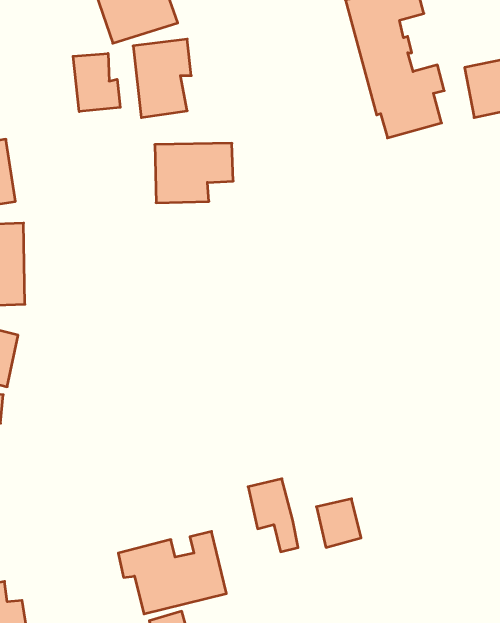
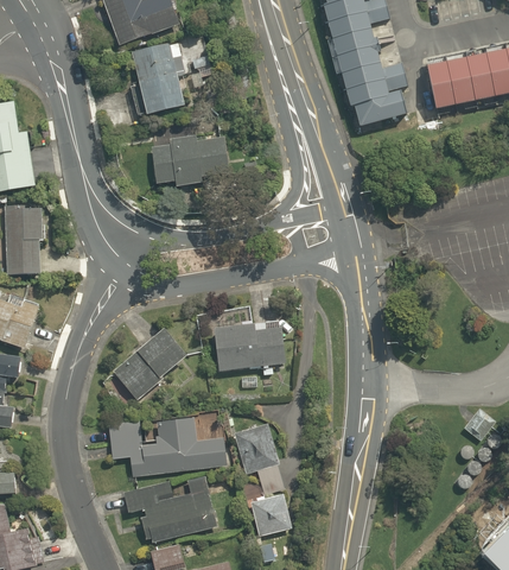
building: [73,53,120,112] -> none
building: none -> [210,319,281,370]
building: none -> [112,329,184,399]
building: none -> [106,413,224,477]
building: [316,499,361,547] -> [250,493,290,536]

